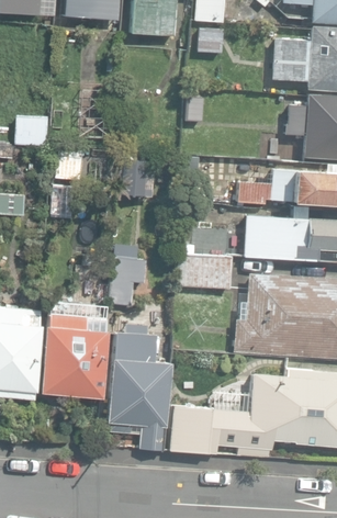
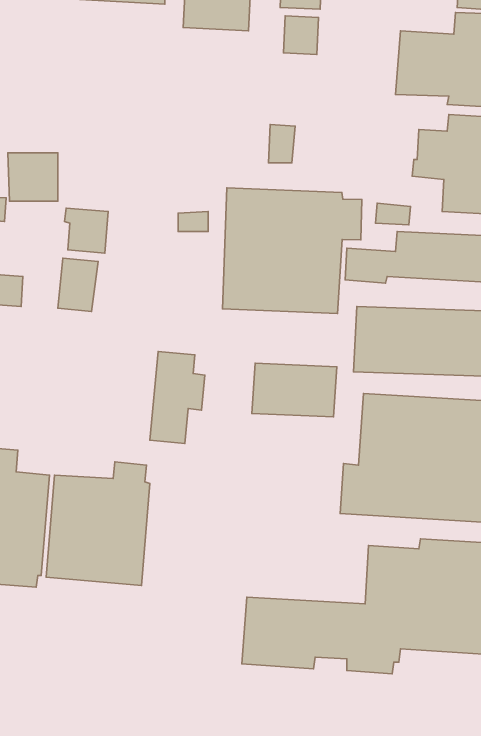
building: none -> [223,188,362,313]
building: [108,323,170,451] -> none

